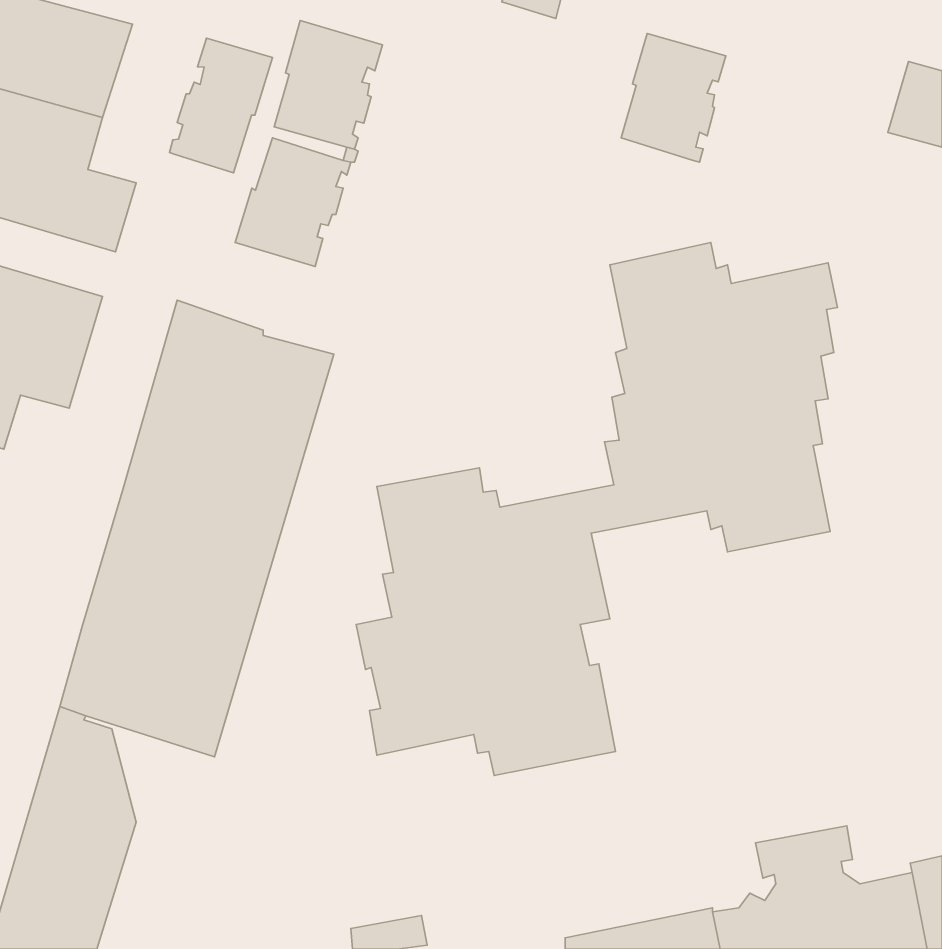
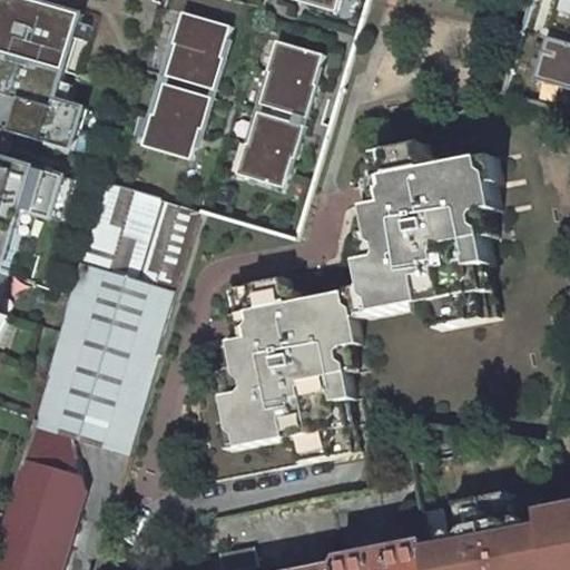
building: [621,33,726,162] -> [258,41,321,118]
building: [169,38,273,173] -> none
building: none -> [234,112,303,188]

